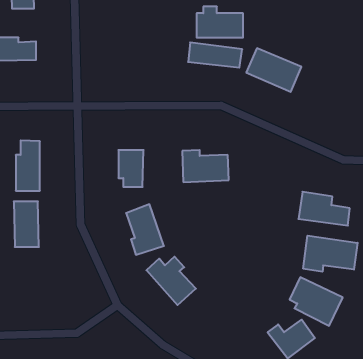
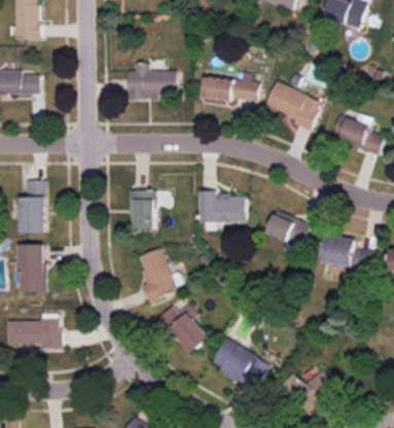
building: [197,7,243,38] -> [127,64,176,97]
building: none -> [330,115,383,153]
building: none -> [265,212,311,257]
building: [303,236,358,272] -> none
building: none -> [6,314,59,347]
building: [290,277,343,326] -> [212,340,268,391]

